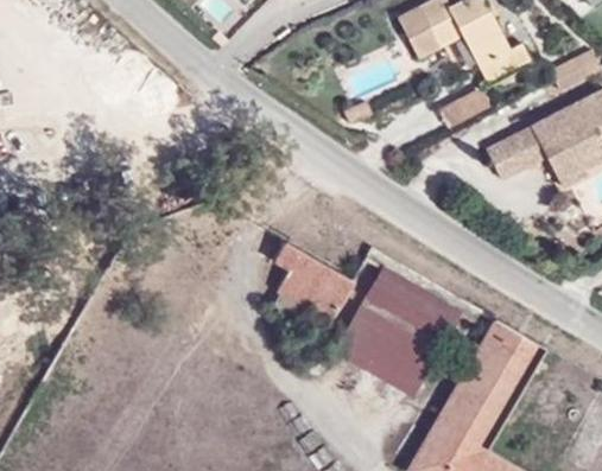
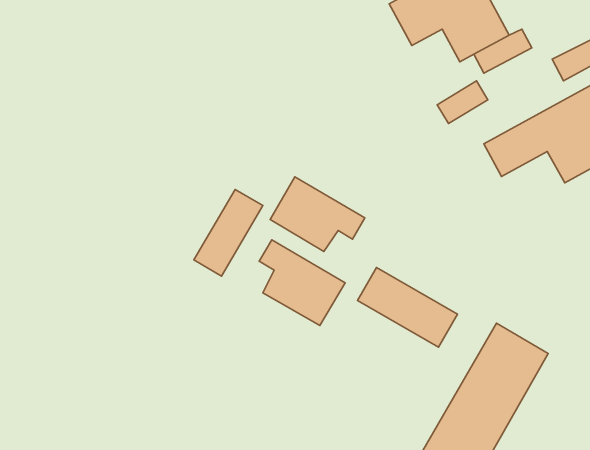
building: none -> [270,177,365,251]
building: none -> [194,189,263,276]
building: [331,307,437,402] -> none

